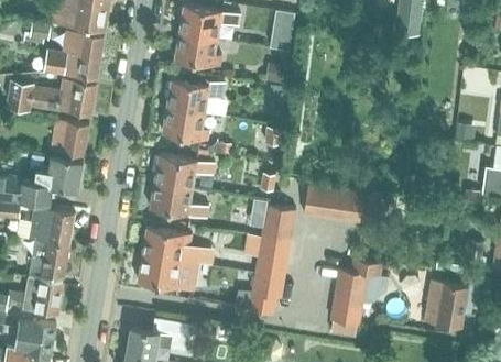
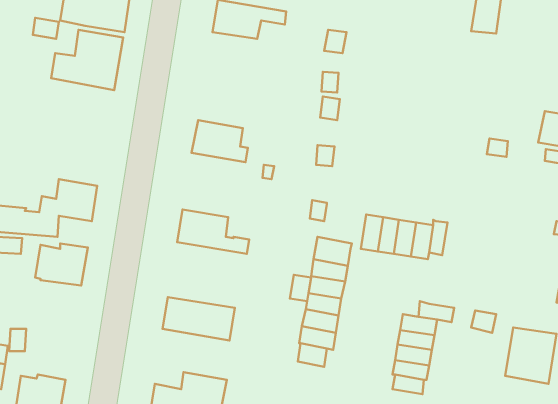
building: [175,33,221,67] -> none
building: [7,79,96,118] -> none
building: [167,80,230,113] -> none
building: [52,120,89,157] -> none
building: [154,155,216,188] -> none
building: [142,228,200,264] -> none
building: [30,241,69,278] -> none
building: [24,278,63,315] -> none

